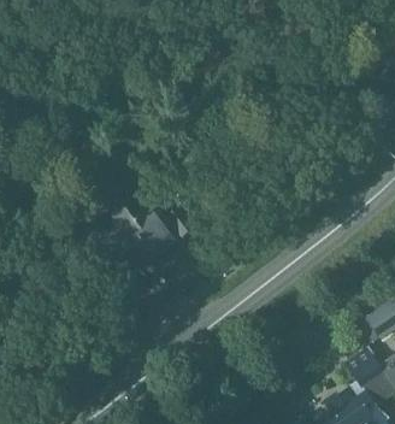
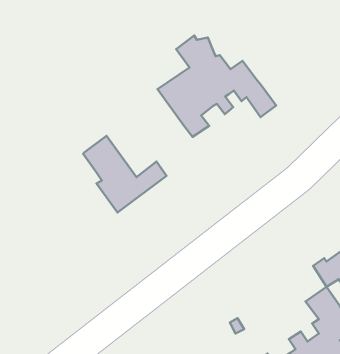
building: none -> [157,36,276,137]

